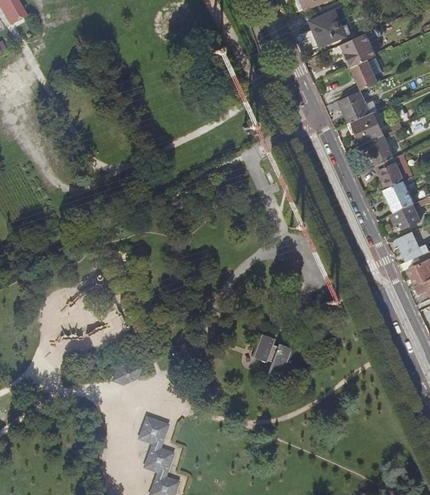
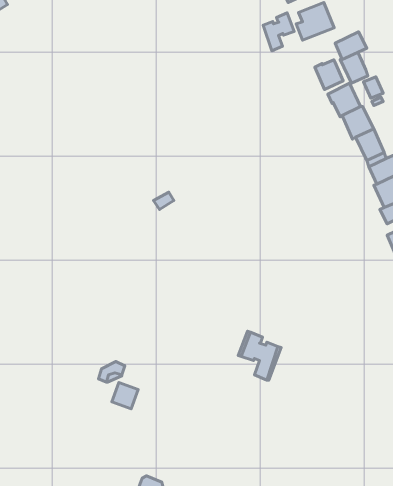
building: none -> [263,13,294,51]
building: none -> [315,60,343,90]
building: [140,419,166,445] -> [112,382,138,409]
building: [145,448,171,474] -> none

